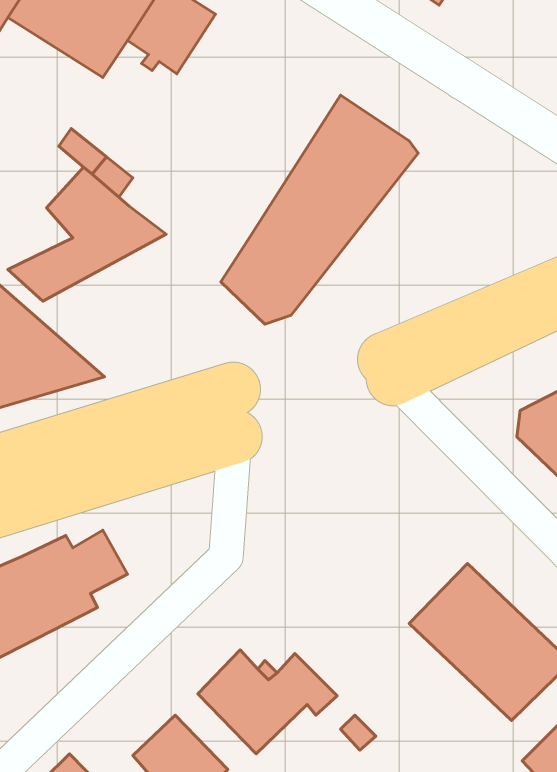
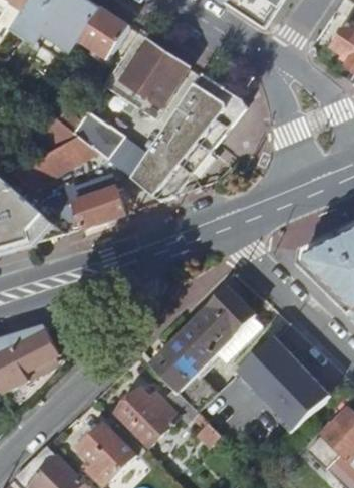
building: none -> [102,30,188,105]
building: none -> [78,118,145,177]
building: none -> [43,176,121,227]
building: none -> [149,289,261,413]

